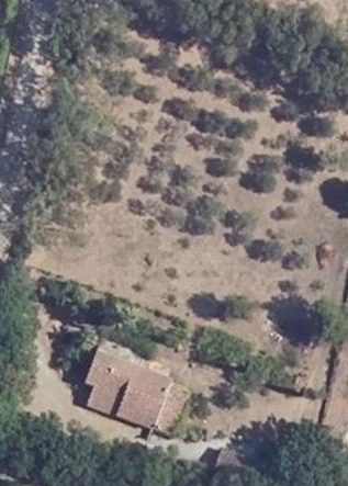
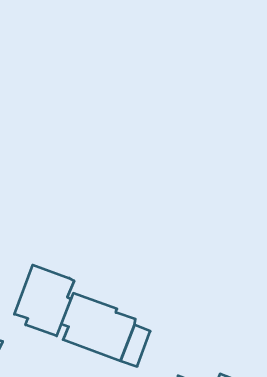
building: none -> [14,265,74,336]

